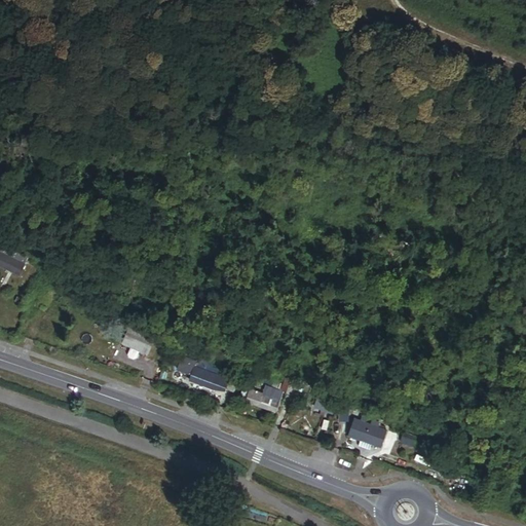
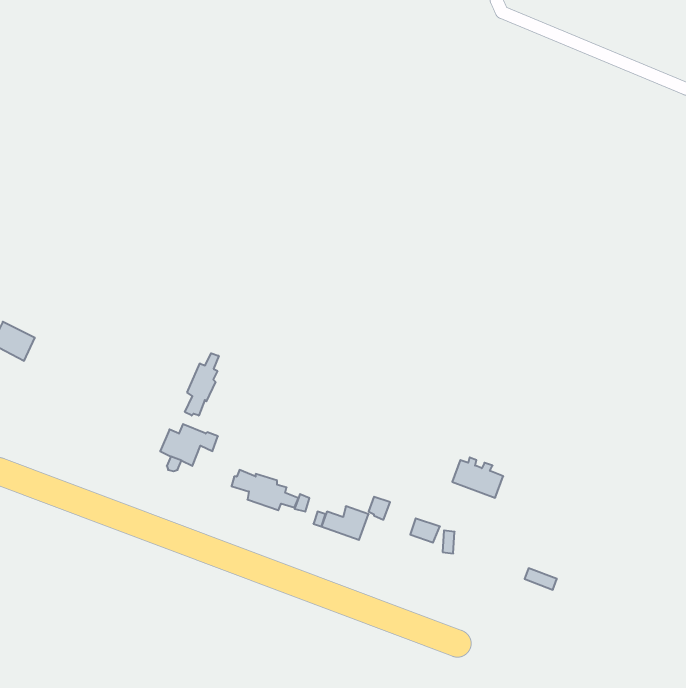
building: none -> [185,353,219,416]
building: [347,417,386,448] -> [452,457,503,498]

